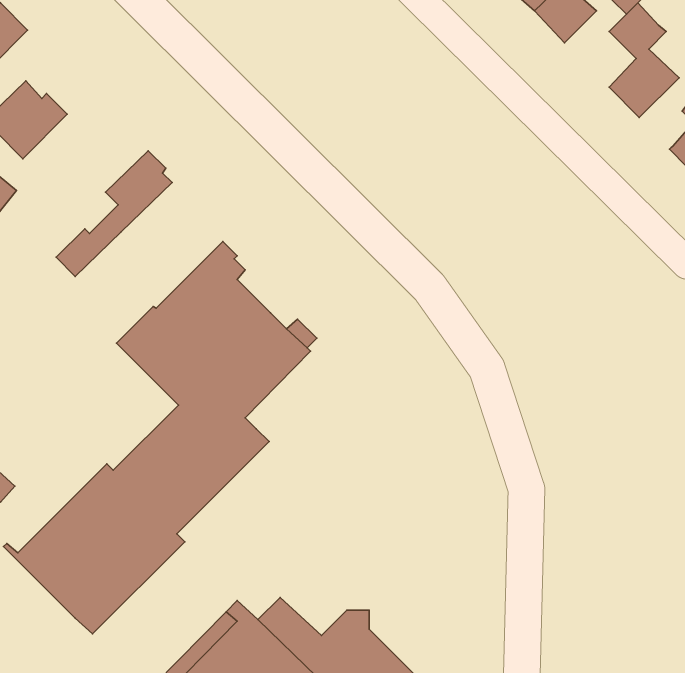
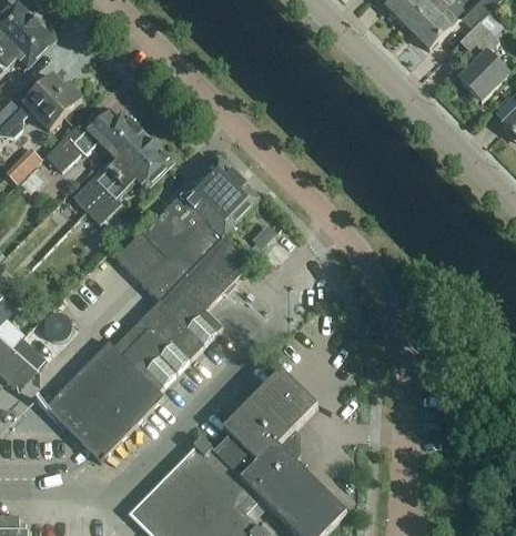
building: none -> [47,113,138,172]
building: none -> [87,146,171,224]
building: none -> [190,159,260,237]
building: none -> [223,372,316,463]

